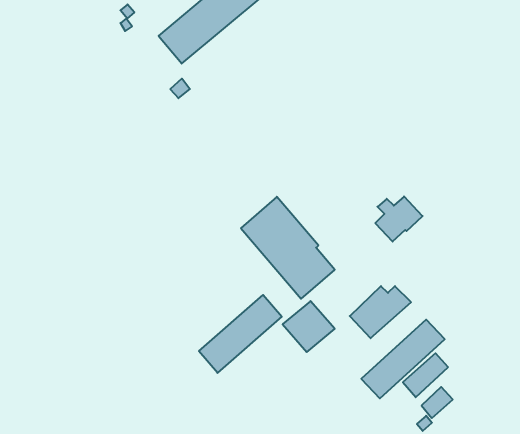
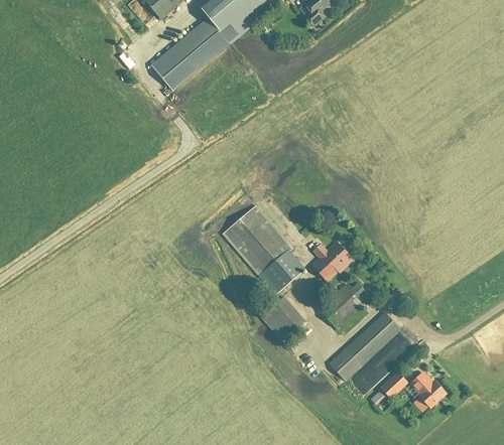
building: [375,196,423,242] -> [311,241,353,280]
building: [199,295,282,373] -> none
building: none -> [348,367,376,397]
building: none -> [411,372,446,406]

